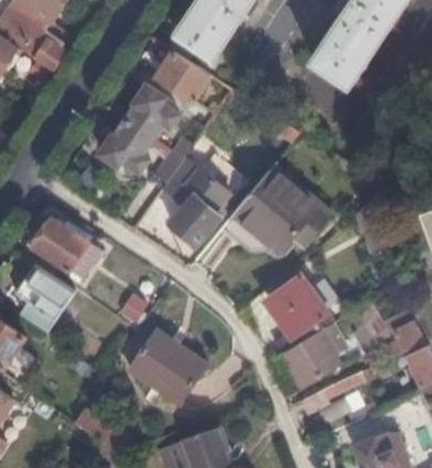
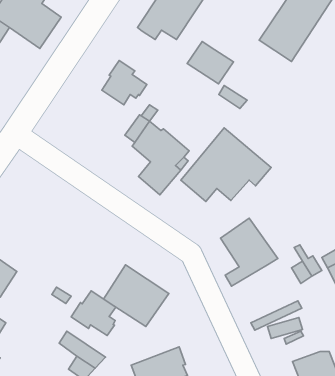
building: [156,51,211,101] -> [187,41,233,84]
building: [100,121,151,172] -> none
building: [33,219,99,278] -> none
building: [15,266,72,331] -> none
building: [280,330,339,389] -> none
building: none -> [71,291,116,336]

